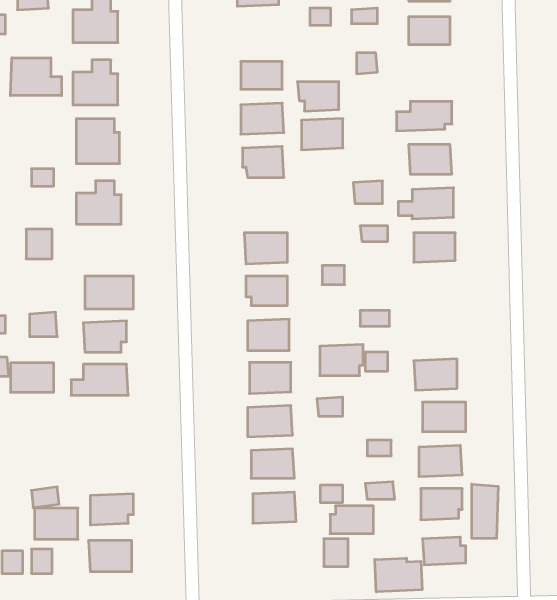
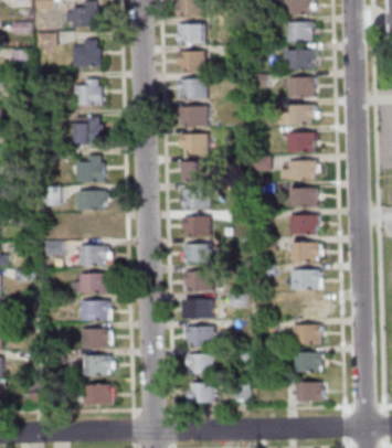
building: [10,58,62,96] -> none
building: none -> [288,77,314,96]
building: [297,82,339,111] -> [178,52,204,71]
building: [301,119,343,150] -> [181,161,208,181]
building: none -> [77,191,106,211]
building: none -> [289,215,318,235]
building: [320,344,363,376] -> [292,242,319,262]
building: [10,363,54,392] -> [81,301,108,320]
building: [472,484,498,538] -> none
building: [330,506,373,534] -> [188,384,215,402]
building: [35,508,78,539] -> [82,329,109,349]
building: [375,558,422,592] -> none

